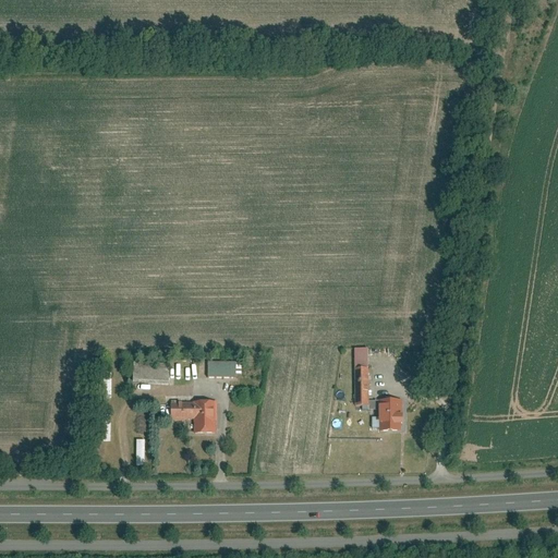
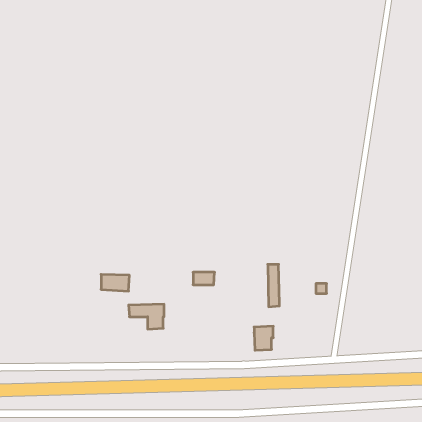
building: [208,360,236,376] -> [193,272,215,285]
building: [378,398,403,429] -> [254,326,273,350]

